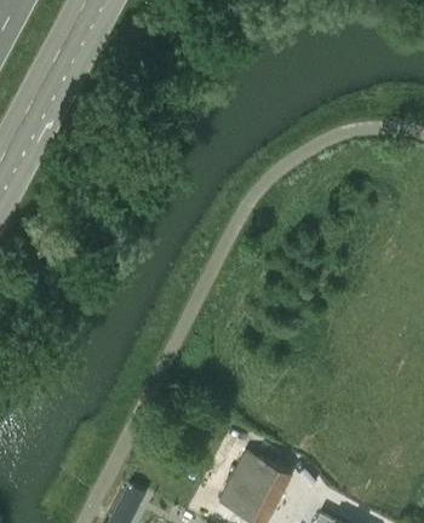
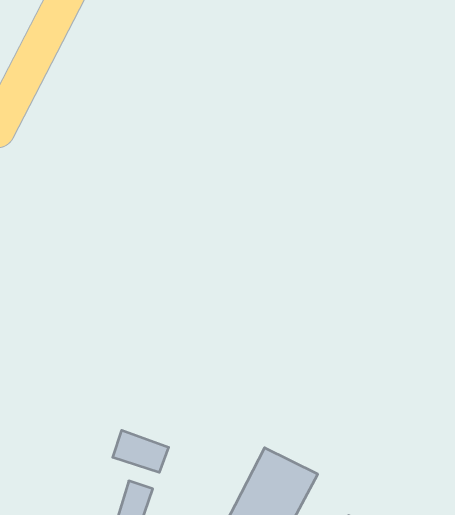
building: none -> [113,430,169,472]

